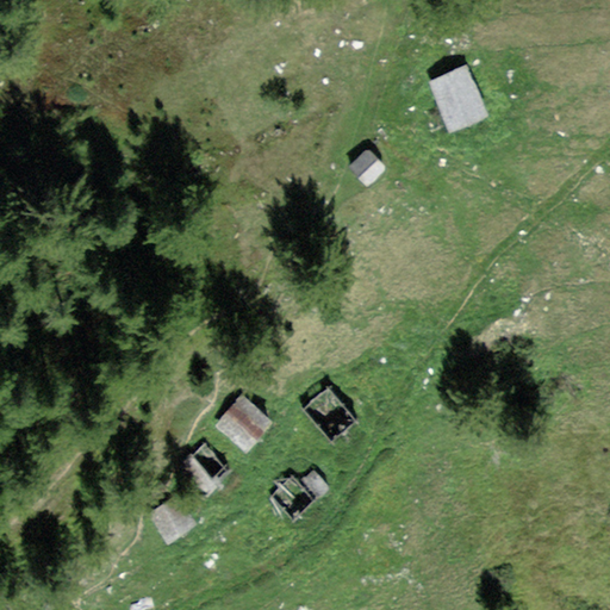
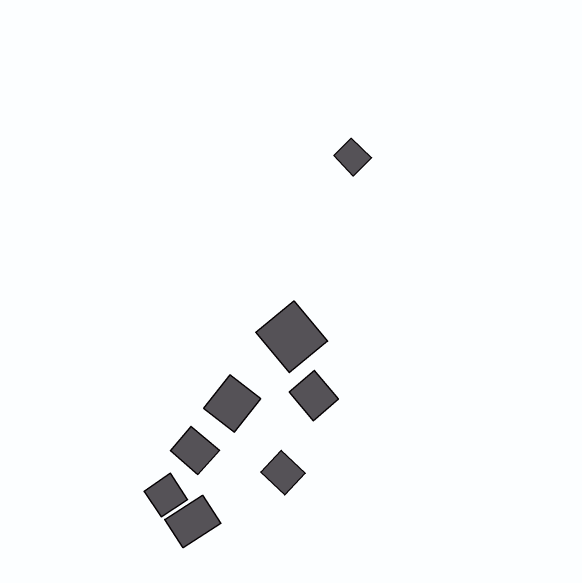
building: [427,63,488,133] -> none
building: none -> [256,301,328,373]
building: none -> [165,495,221,548]

